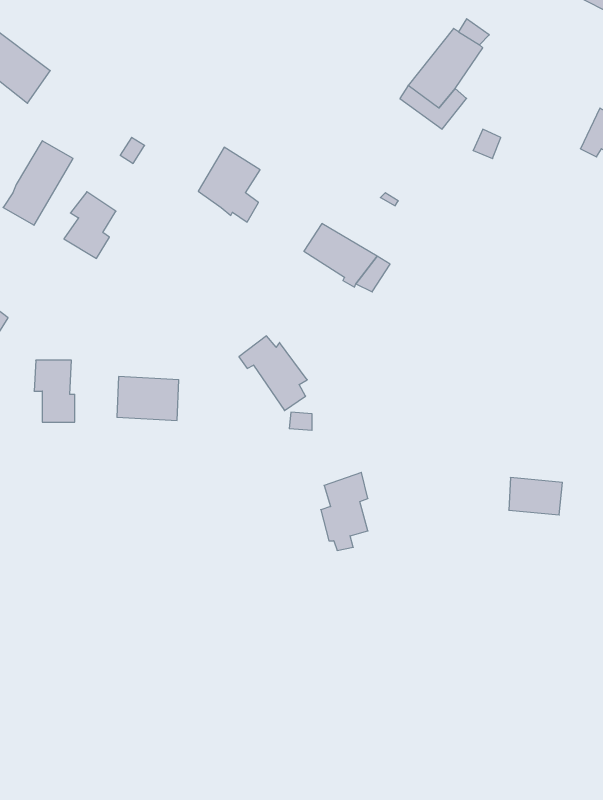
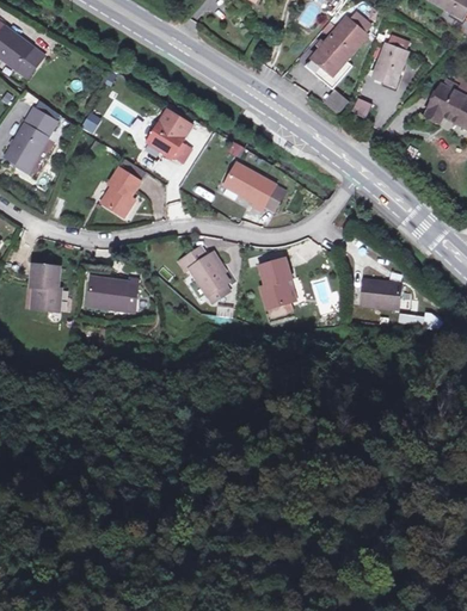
building: none -> [371,42,405,84]
building: [64,192,116,258] -> [102,167,140,216]
building: [321,472,368,550] -> [257,258,291,315]
building: [509,478,562,515] -> [360,283,399,310]

